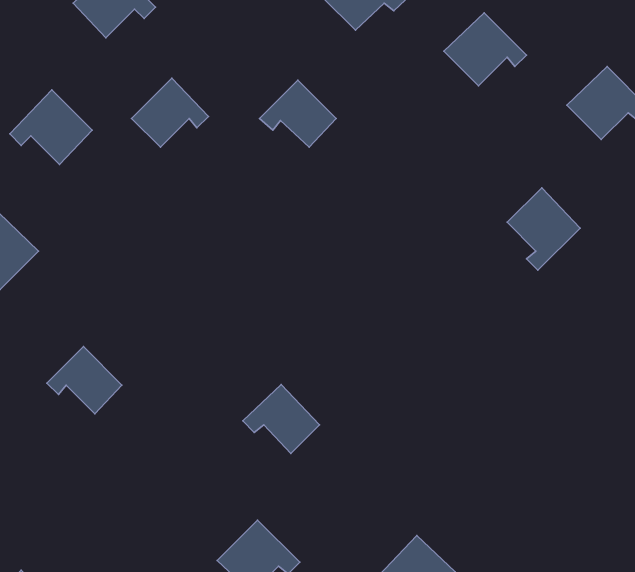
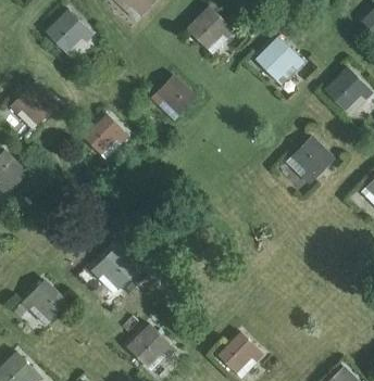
building: [132,78,208,147] -> [84,115,127,154]
building: [47,347,122,414] -> [23,281,65,319]
building: [243,384,320,454] -> [91,250,135,289]

